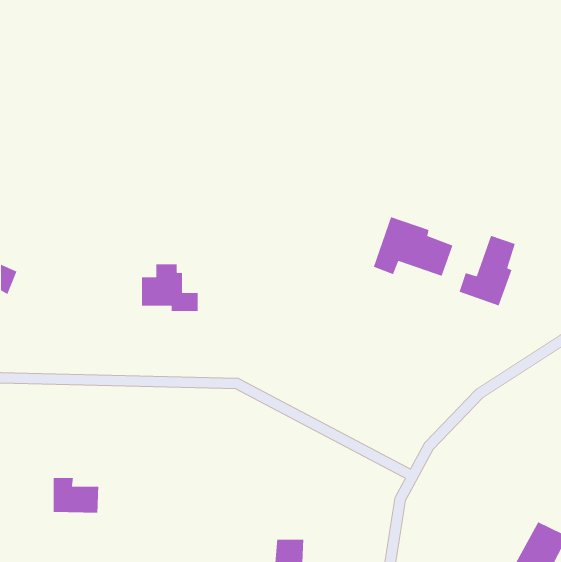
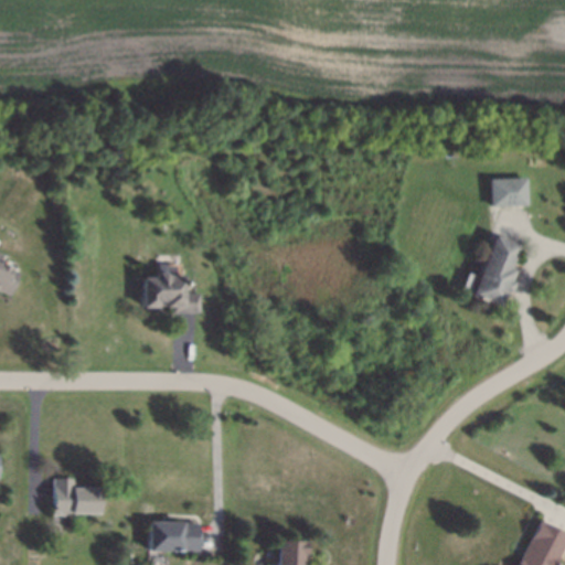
building: none -> [491,178,529,207]
building: [373,216,453,277] -> none
building: none -> [150,522,202,552]

